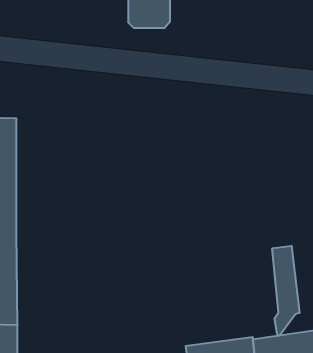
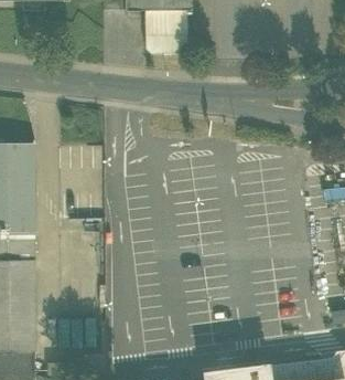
building: [272,246,300,336] -> none

